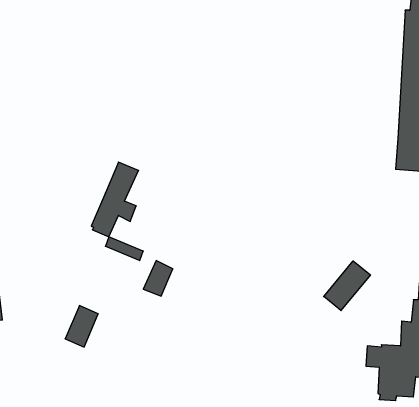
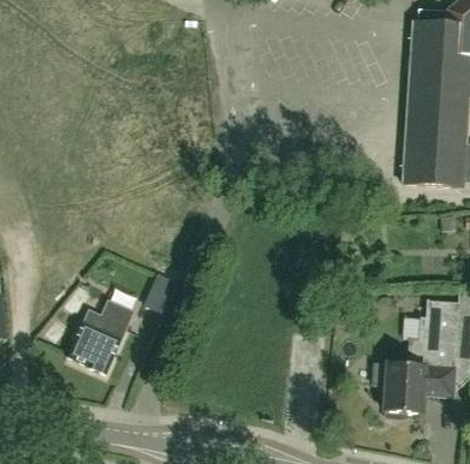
building: [91,162,139,237] -> [87,298,135,374]
building: [324,261,370,311] -> none

